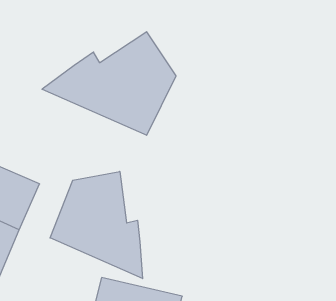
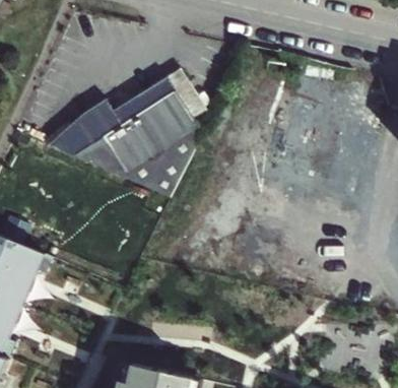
building: [50,171,143,279] -> none

